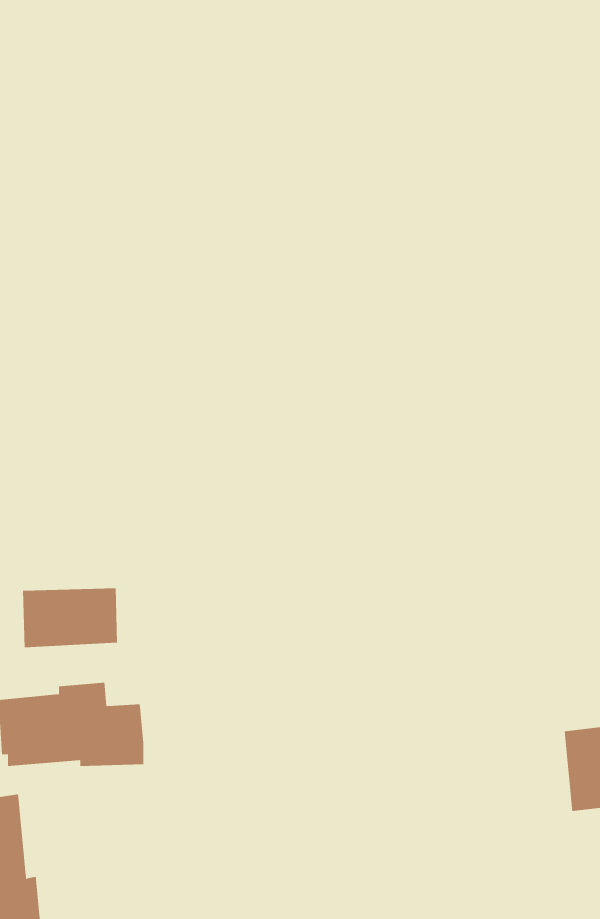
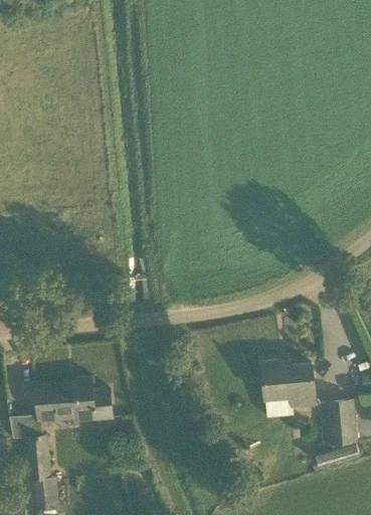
building: [22,587,118,648] -> none
building: none -> [261,362,315,408]

